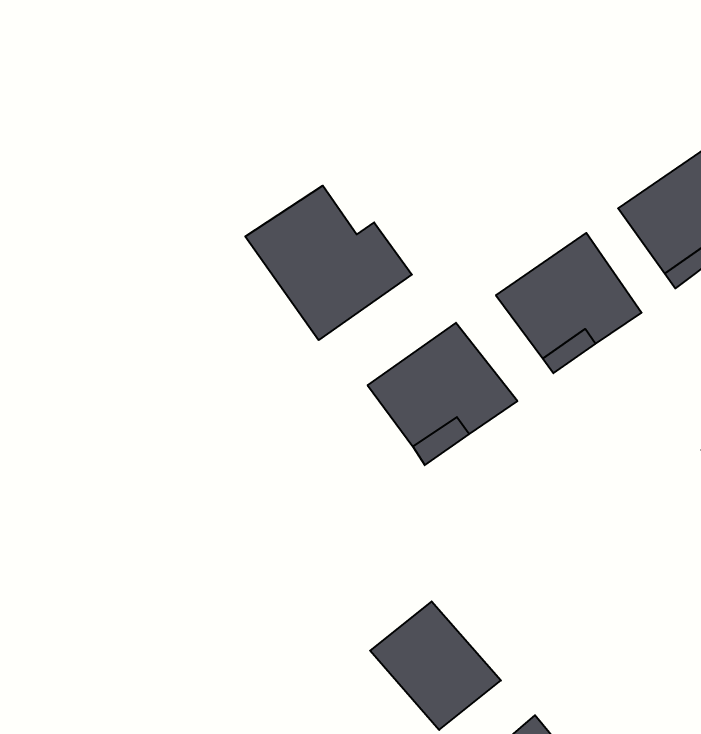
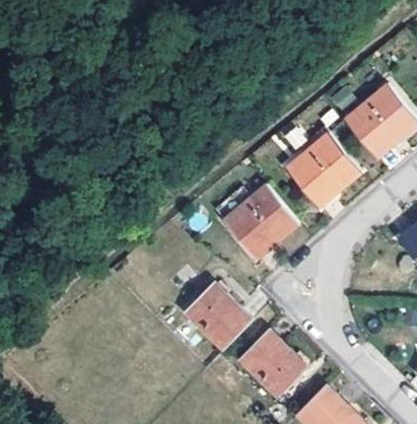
building: [245,186,412,340] -> none
building: none -> [184,281,253,348]

